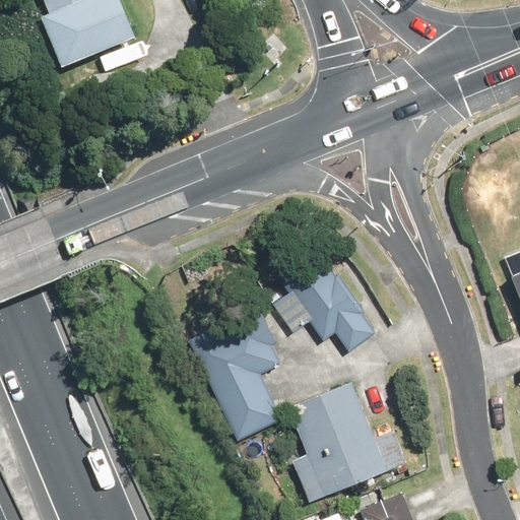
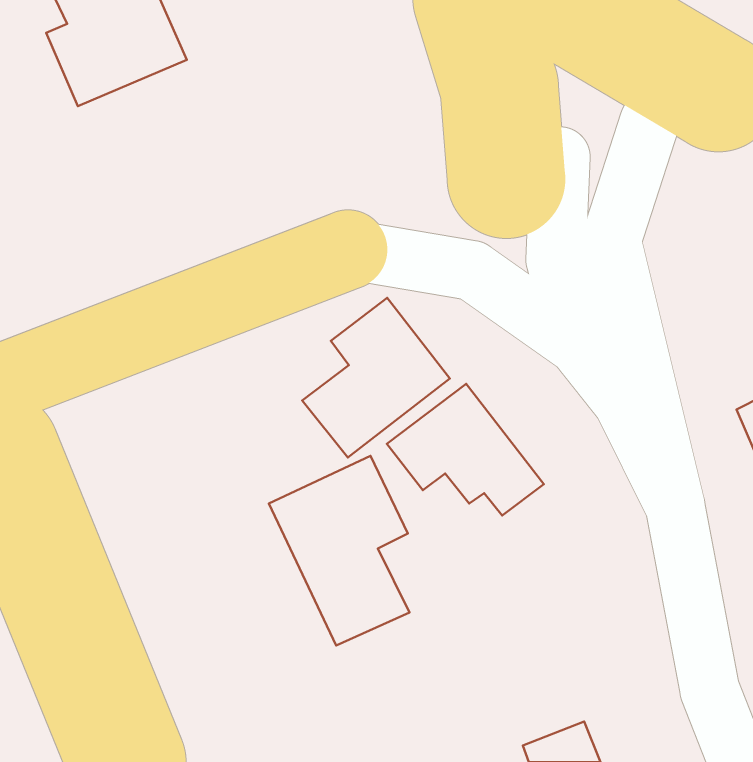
building: none -> [302,298,450,457]
building: [289,381,412,504] -> none

